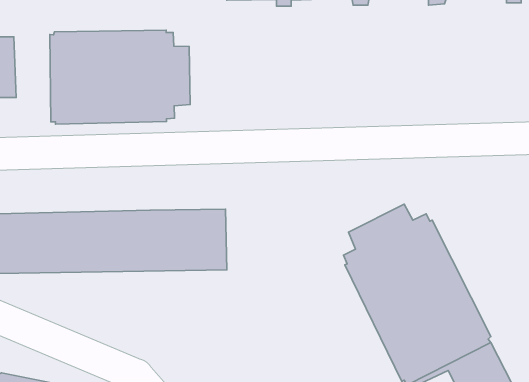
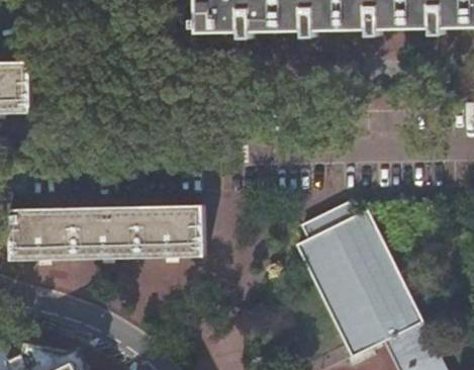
building: [50,30,190,124] -> none

